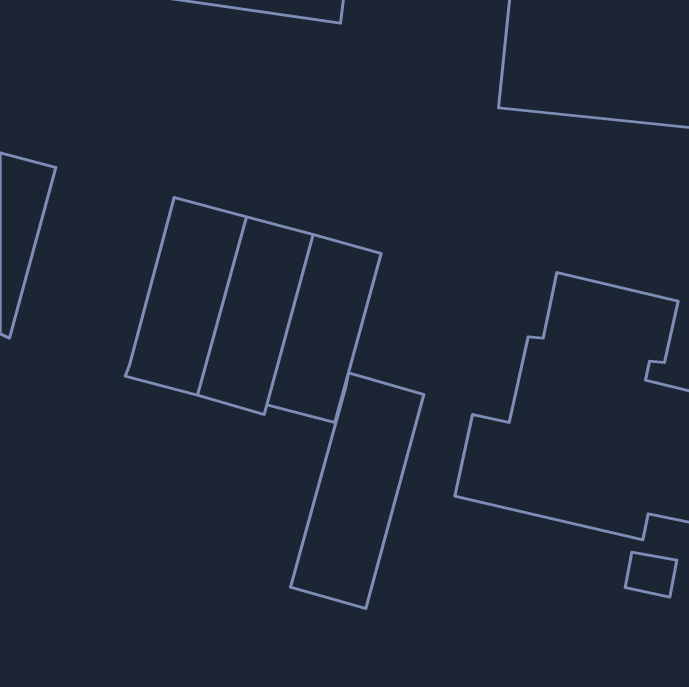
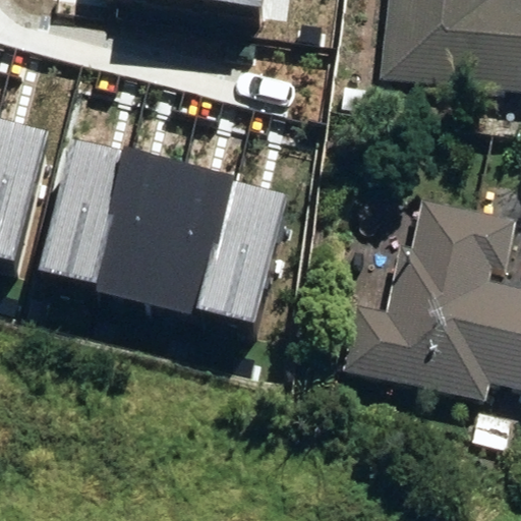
building: none -> [44,132,135,273]
building: [290,373,424,608] -> none

